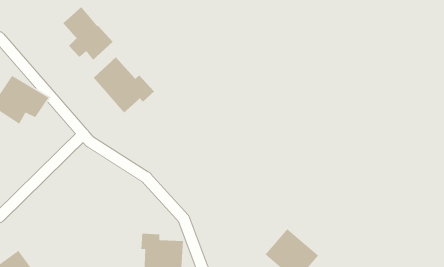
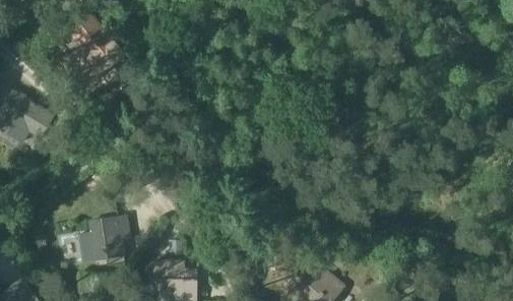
building: [93,56,155,113] -> none
building: none -> [78,215,129,260]

